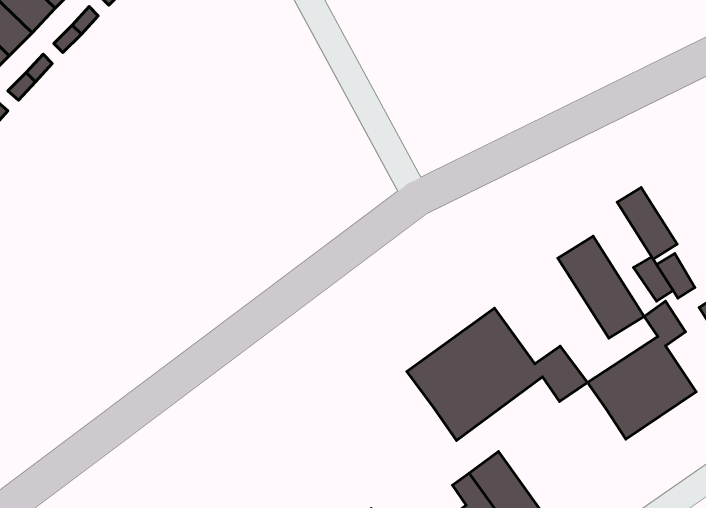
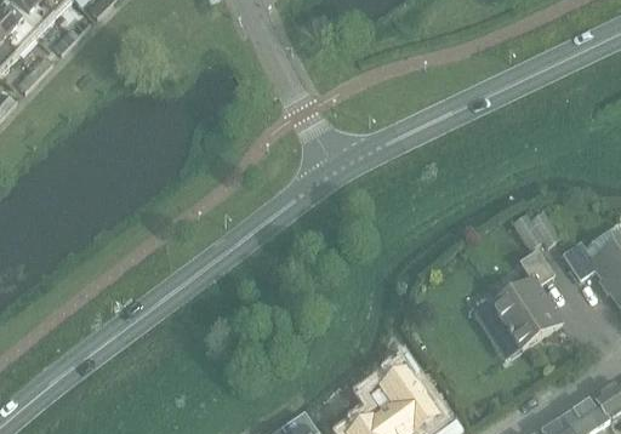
building: [617,187,677,259] -> none
building: [558,236,644,338] -> none
building: [407,308,587,441] -> none

